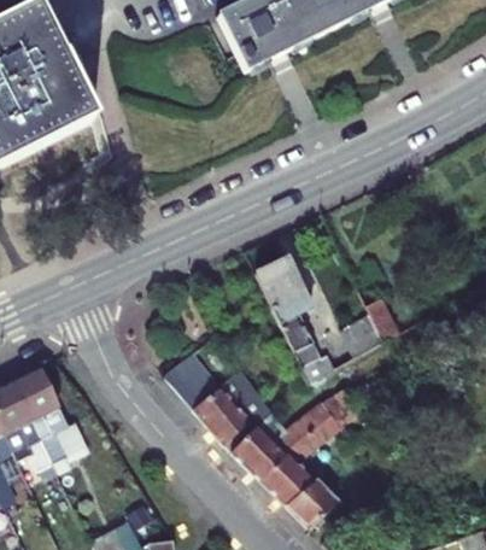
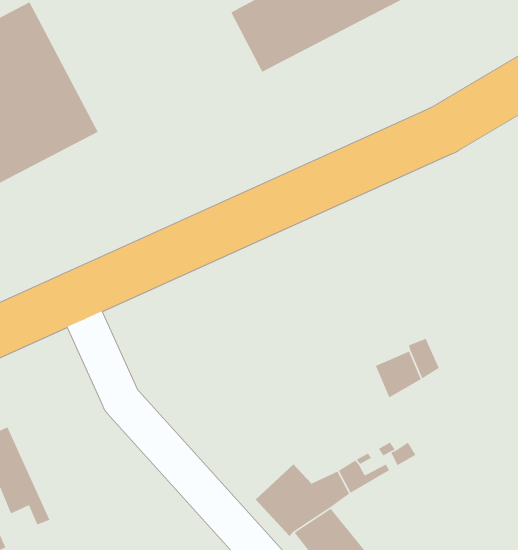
building: [258,257,338,385] -> none
building: [159,346,271,447] -> none
building: [16,370,72,466] -> none

